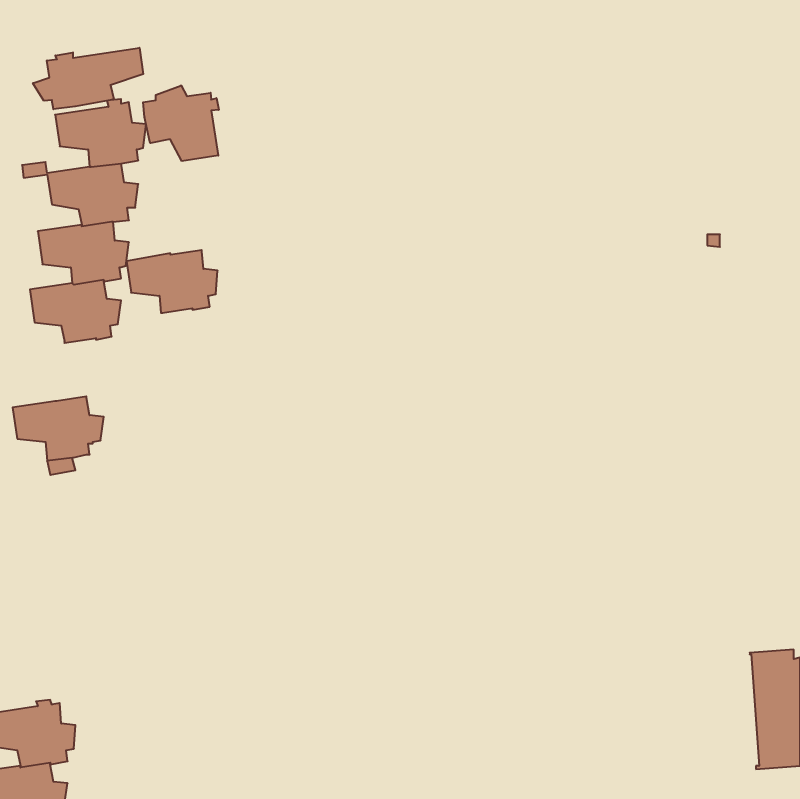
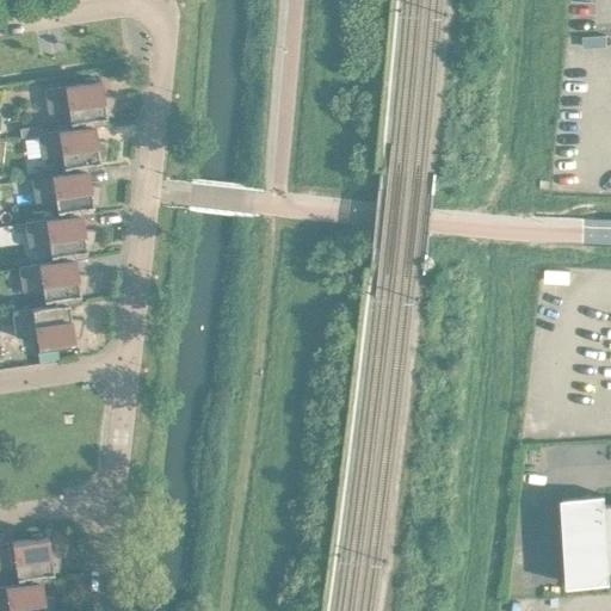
building: [33,48,143,109] -> none
building: [143,85,219,161] -> none
building: [126,250,218,313] -> [16,260,85,308]

